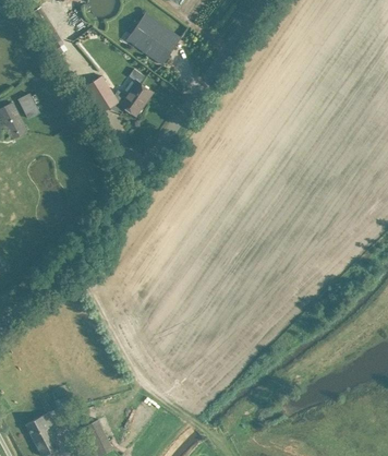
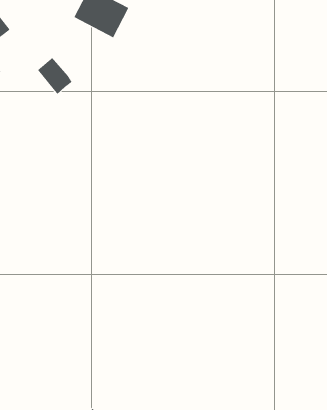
building: [110,81,150,116] -> none

